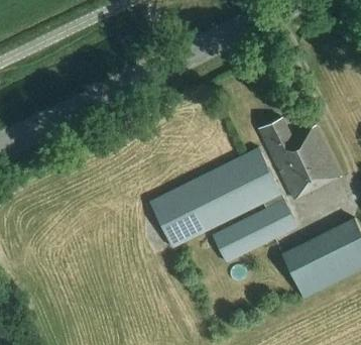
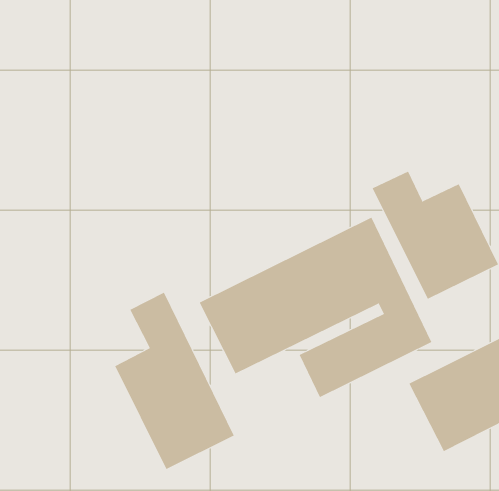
building: none -> [114,292,235,470]

